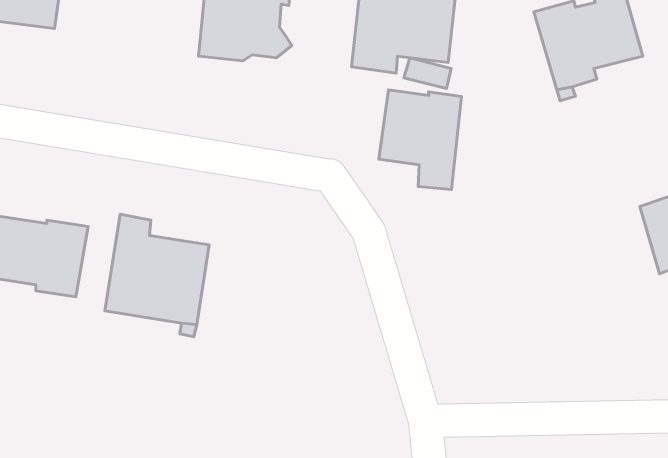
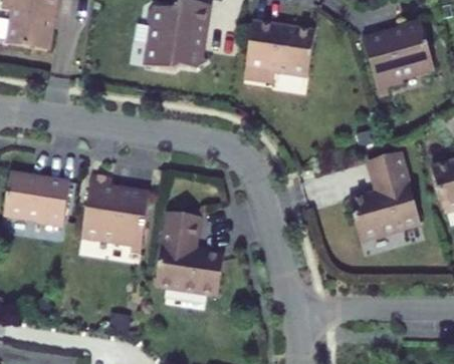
building: [379,90,462,190] -> none
building: none -> [350,155,422,245]
building: none -> [156,210,225,294]

